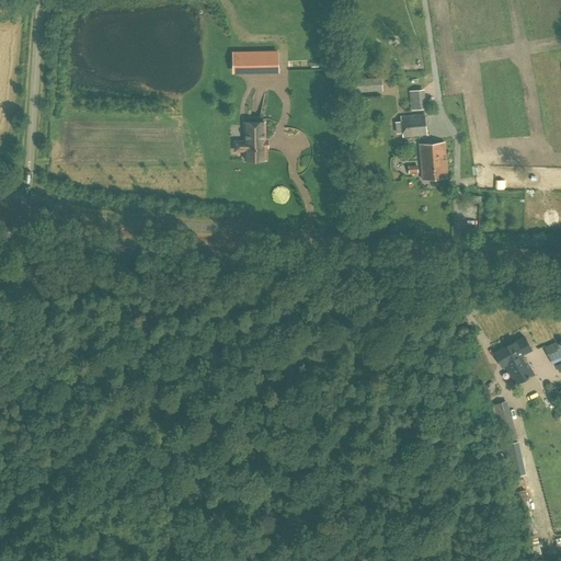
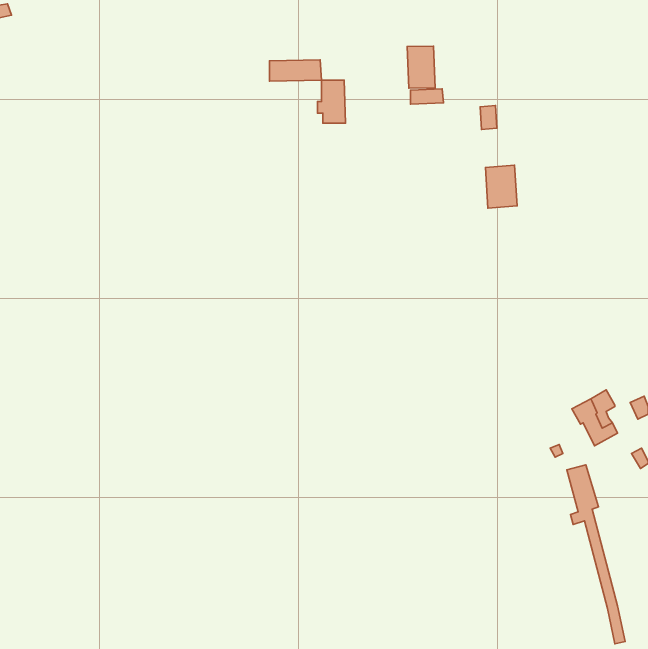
building: none -> [407,46,435,88]
building: [400,114,426,138] -> none
building: [240,123,264,160] -> [318,80,346,123]

